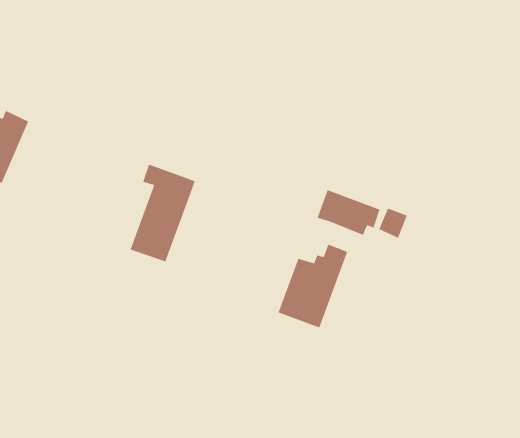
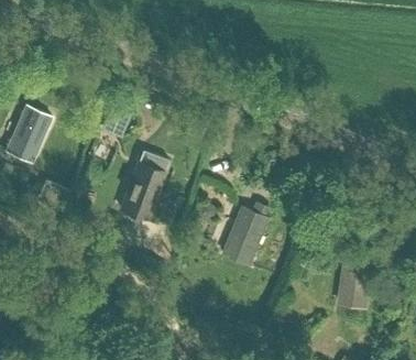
building: [316,189,381,236] -> none
building: none -> [339,260,370,309]

